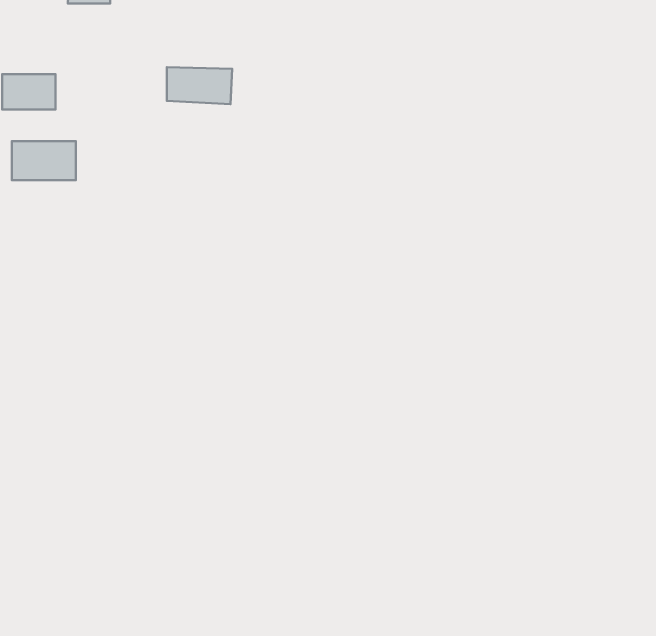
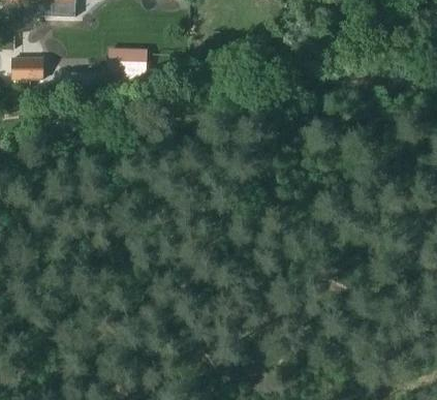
building: [12,141,76,180] -> none

